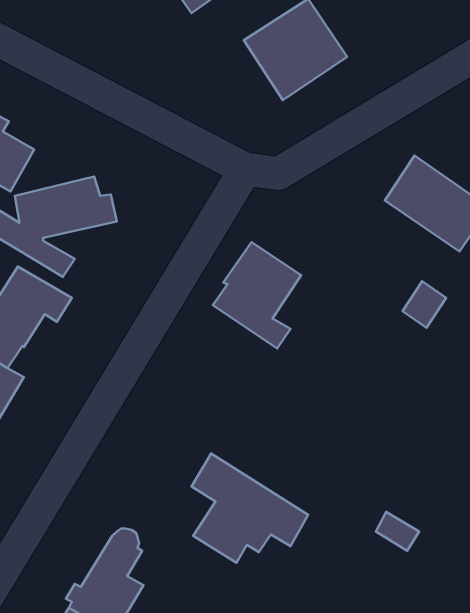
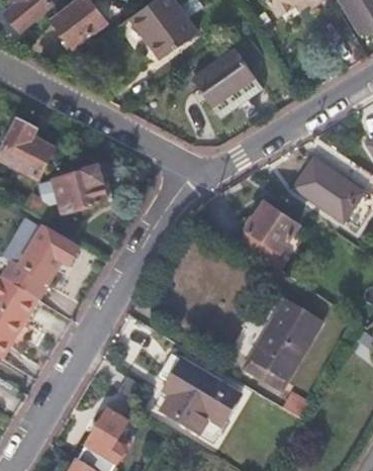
building: [213,242,301,348] -> [238,198,297,270]
building: none -> [244,302,321,392]

